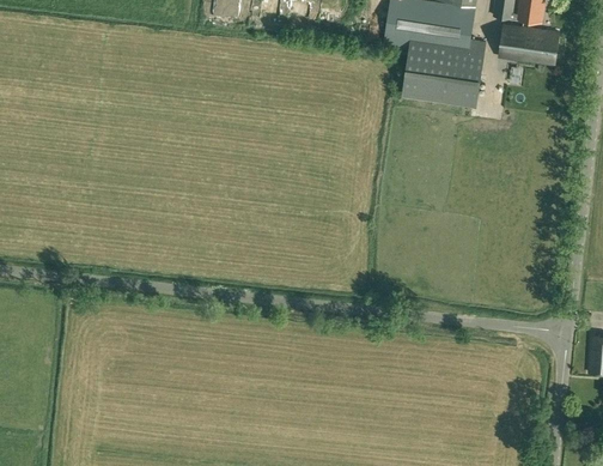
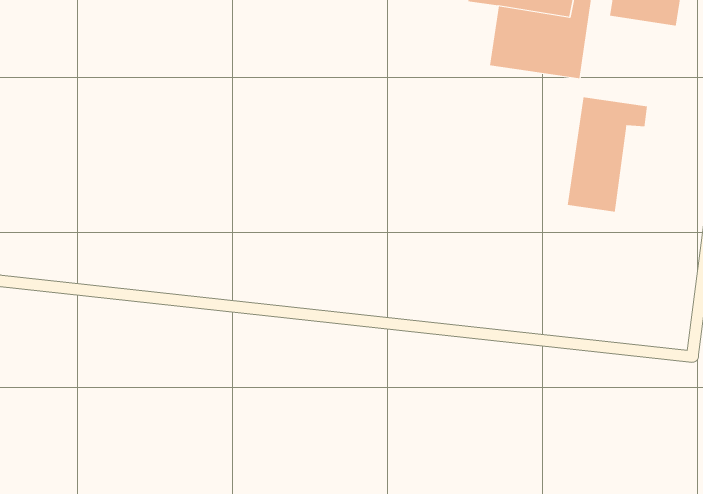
building: none -> [567,97,647,212]

